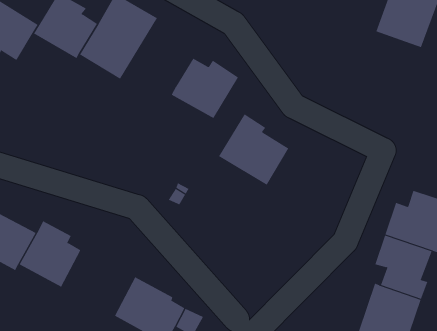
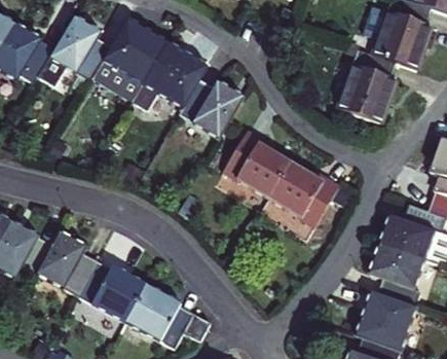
building: none -> [133,41,209,107]
building: none -> [338,49,396,122]
building: none -> [270,164,339,225]
building: none -> [77,259,146,321]

